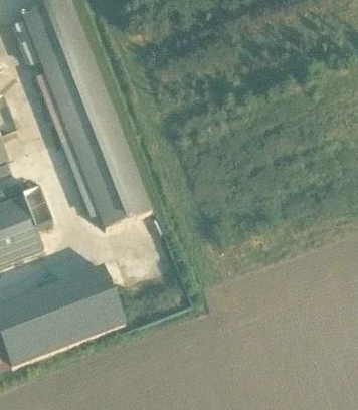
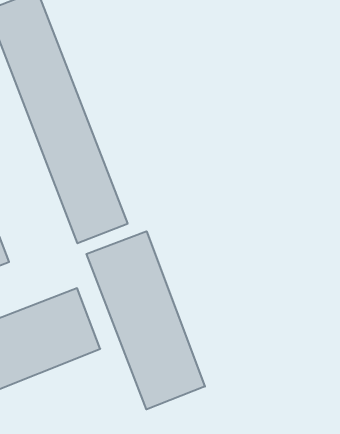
building: none -> [86,231,205,409]

